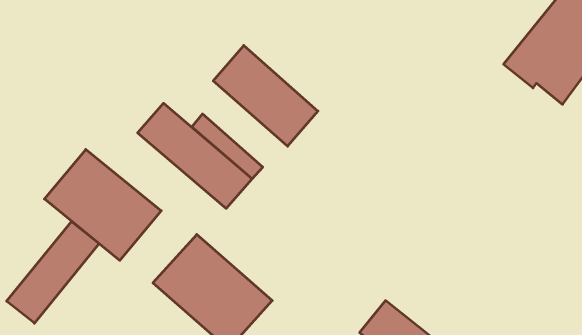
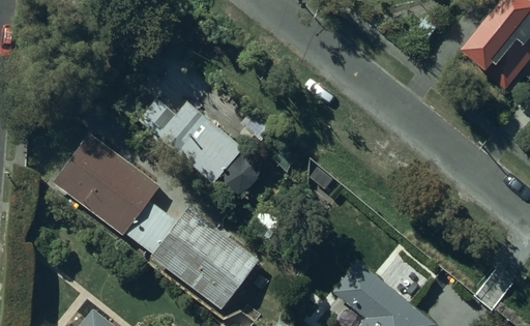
building: [213,45,318,146] -> none
building: [7,222,99,323] -> none

